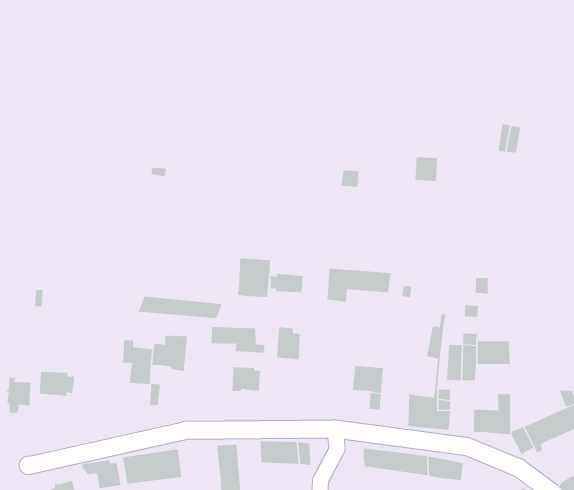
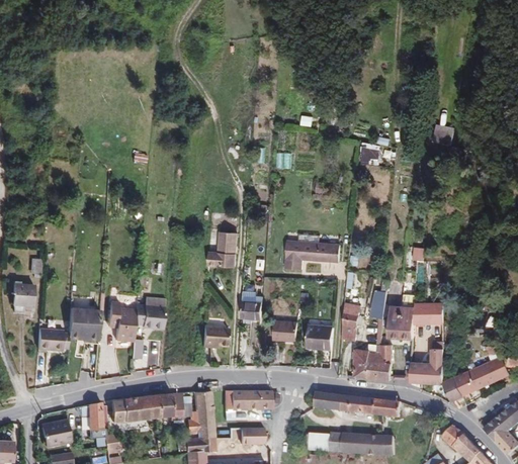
building: [270,273,303,293] -> none
building: [138,296,222,319] -> none
building: [211,326,265,353] -> none
building: none -> [341,300,360,339]
building: none -> [67,306,99,338]
building: none -> [273,318,297,340]
building: [5,377,31,413] -> [10,279,32,310]
building: none -> [157,392,182,421]

